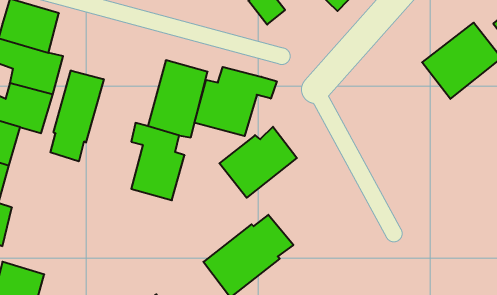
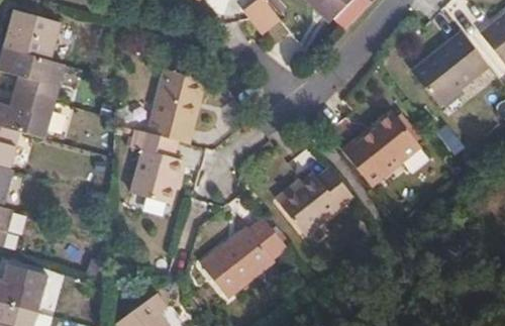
building: [195,67,277,136] -> none
building: [50,70,104,161] -> none
building: none -> [342,112,421,188]
building: [219,127,297,198] -> [279,167,354,235]

